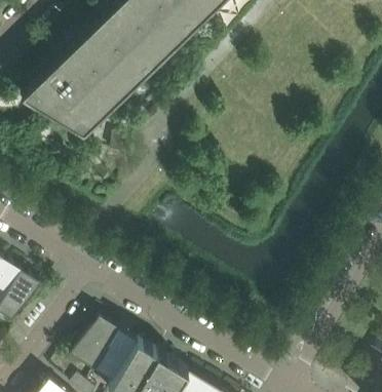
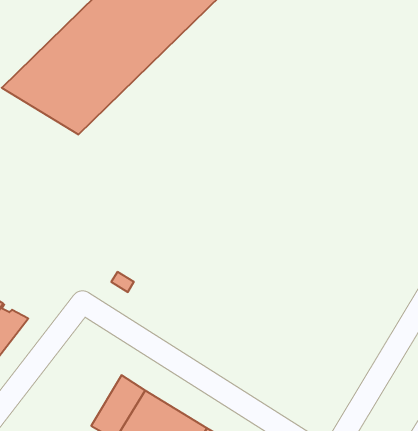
building: [70,317,119,369] -> none

